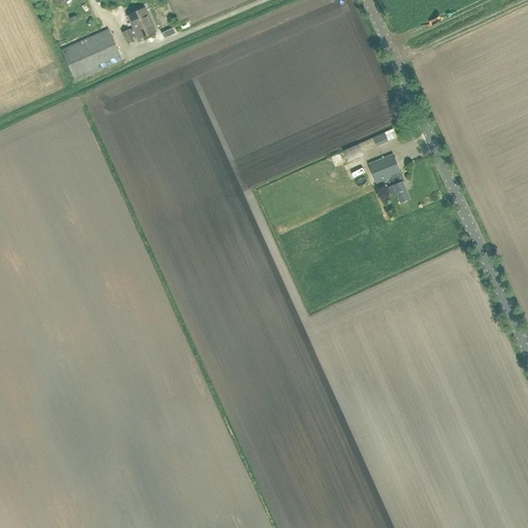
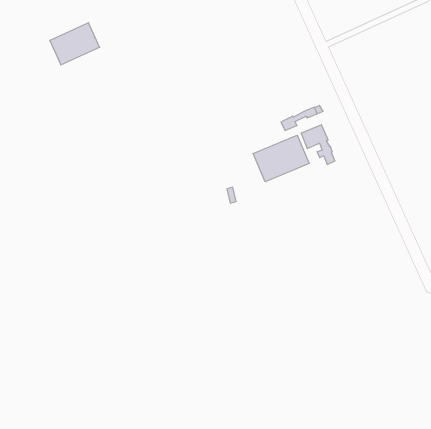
building: [123,6,156,42] -> none
building: none -> [253,135,309,182]

